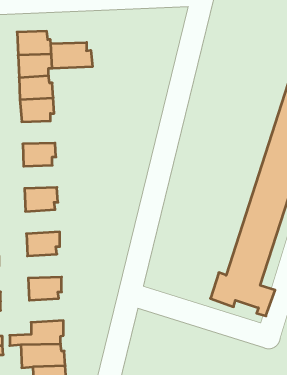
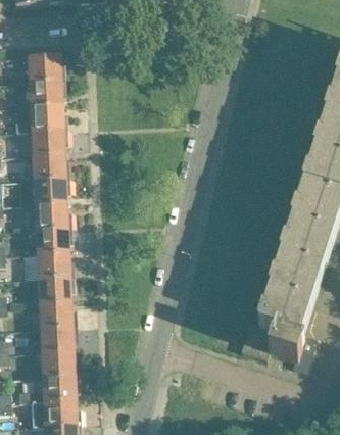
building: [51,42,92,68] -> none
building: none -> [32,153,68,179]
building: none -> [34,202,70,228]
building: none -> [21,251,74,278]
building: none -> [38,300,76,327]
building: none -> [40,349,78,376]

